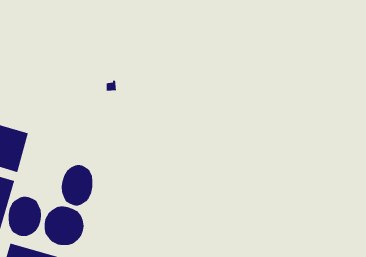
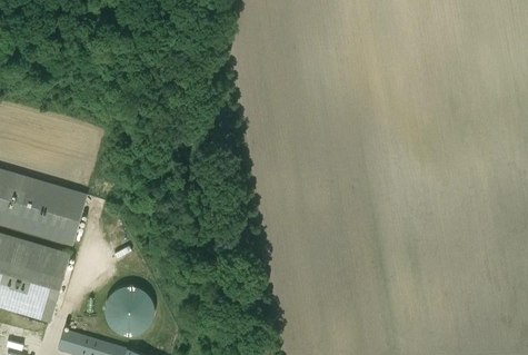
building: [61,164,93,207] -> none
building: [8,196,42,237] -> none

